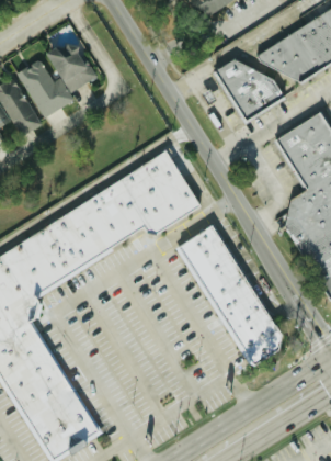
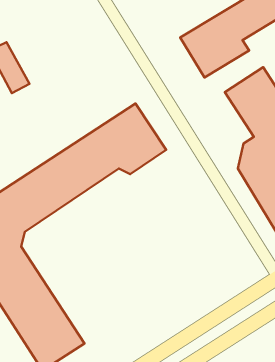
building: [16,42,96,119] -> none
building: [182,225,290,363] -> none

